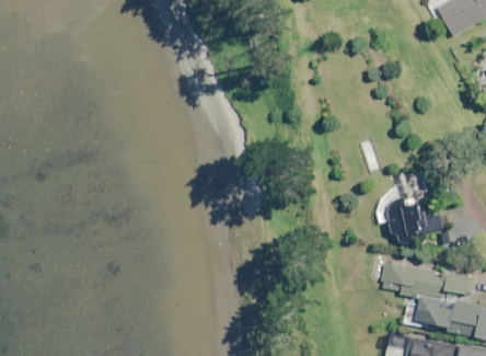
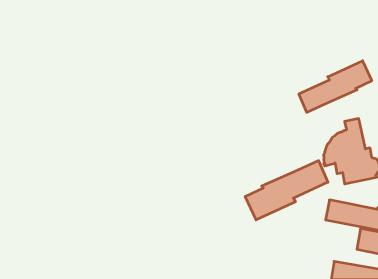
building: none -> [299,61,372,112]
building: none -> [245,161,328,220]

